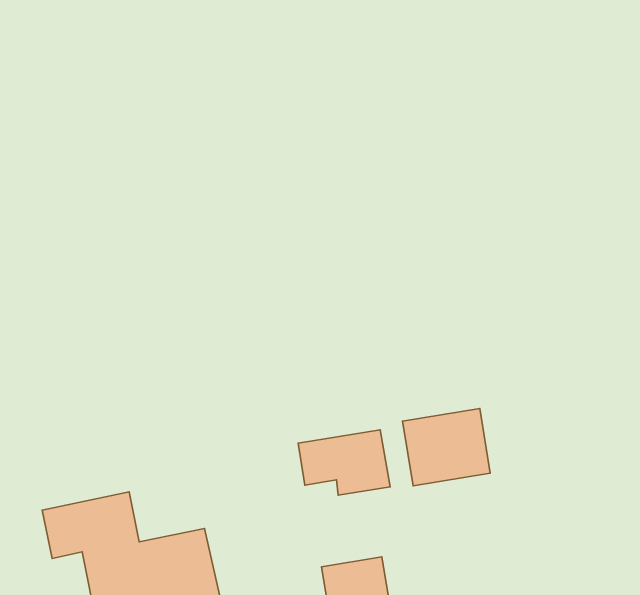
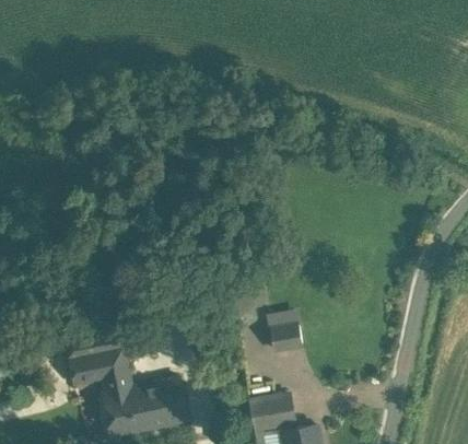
building: [403,408,490,486] -> none

